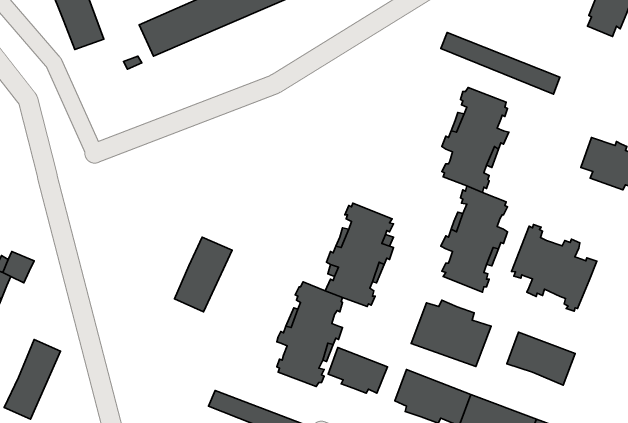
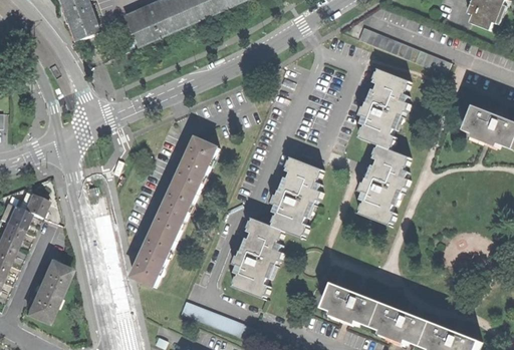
building: none -> [174,136,218,193]
building: [512,225,597,311] -> none
building: none -> [132,230,175,286]
building: [411,300,491,367] -> none
building: [507,332,575,385] -> none
building: [328,347,387,393] -> none

